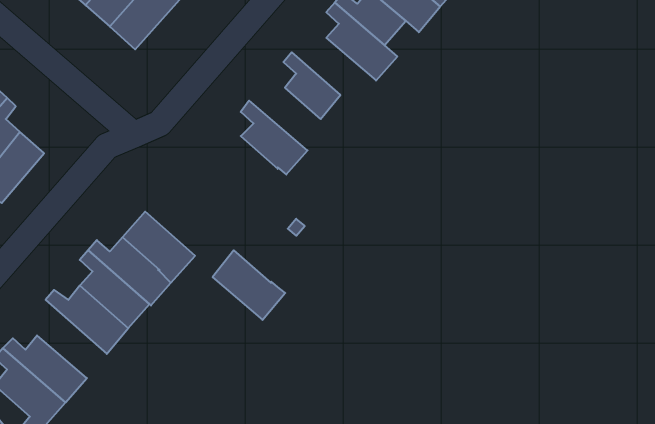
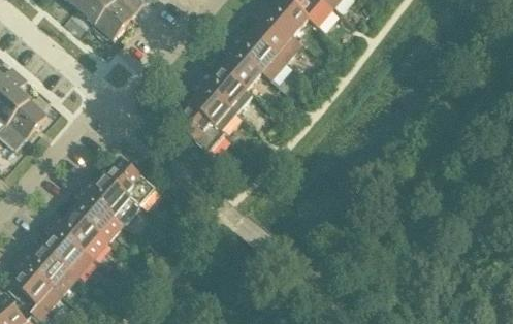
building: none -> [226,32,287,82]
building: none -> [195,68,253,114]
building: [213,250,285,320] -> [173,103,226,154]
building: none -> [41,222,92,279]

